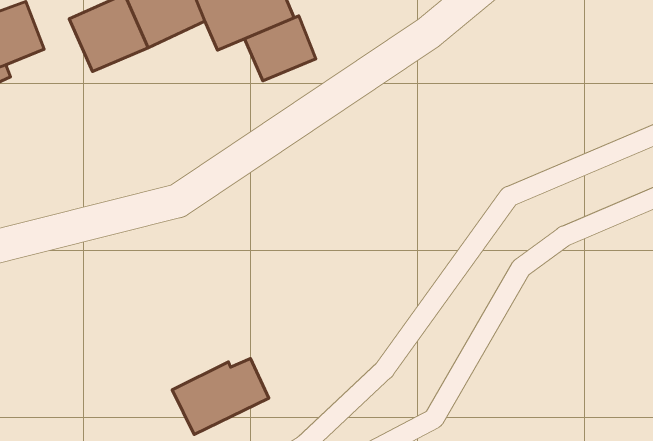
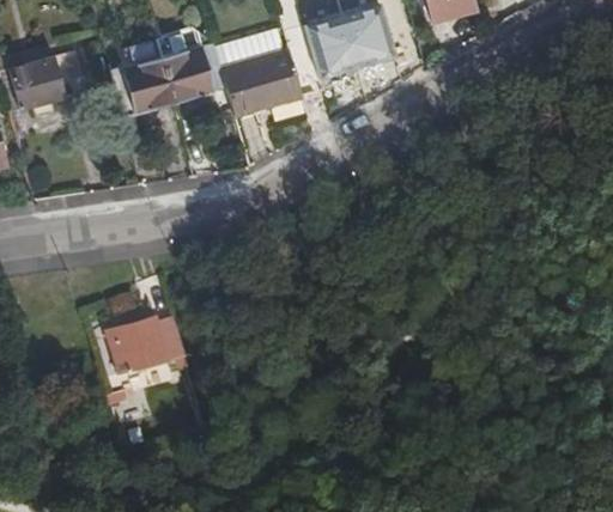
building: [244,16,316,81] -> none
building: [172,359,269,434] -> [103,313,184,371]

